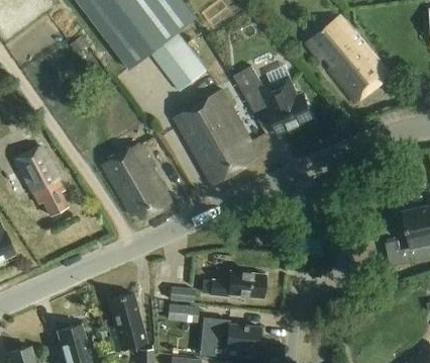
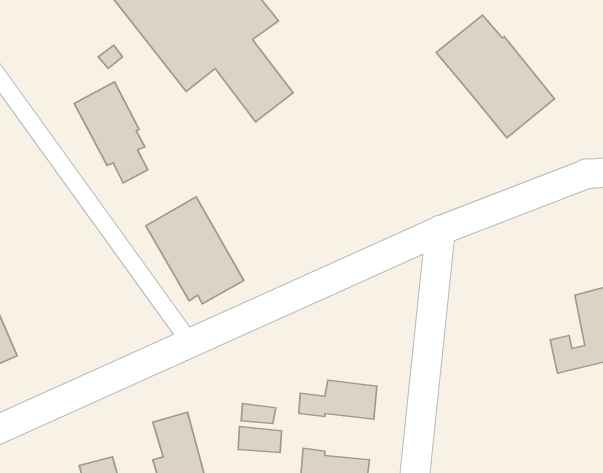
building: [233,66,314,135] -> none
building: [174,90,257,185] -> none
building: [15,146,67,216] -> [74,82,148,183]

